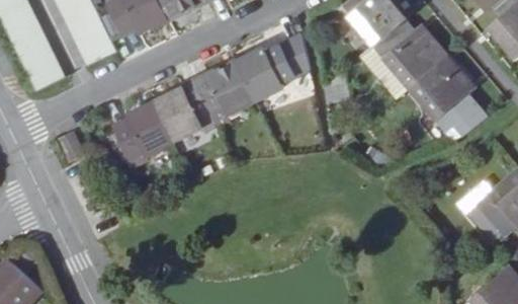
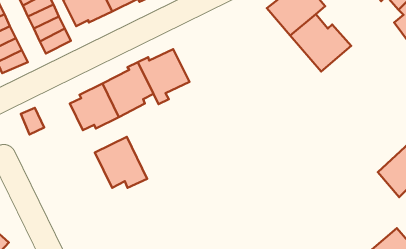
building: [236,37,311,101] -> none
building: [410,59,486,143] -> none
building: none -> [95,137,147,188]

